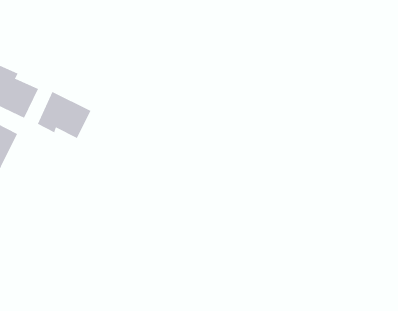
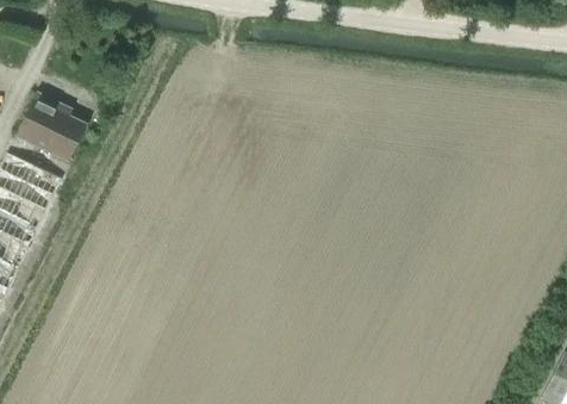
building: [37,91,91,139] -> none

